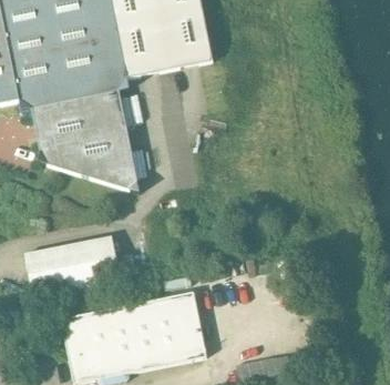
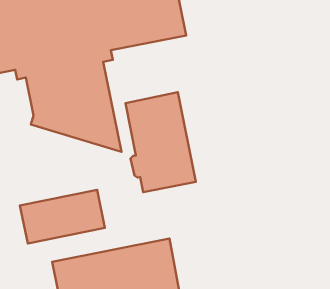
building: none -> [126,92,196,192]

